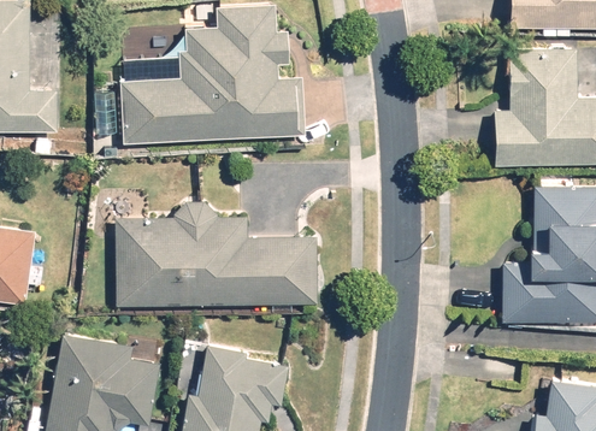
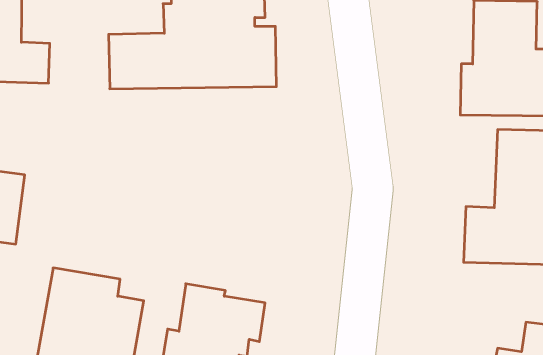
building: [117,202,318,307] -> none

